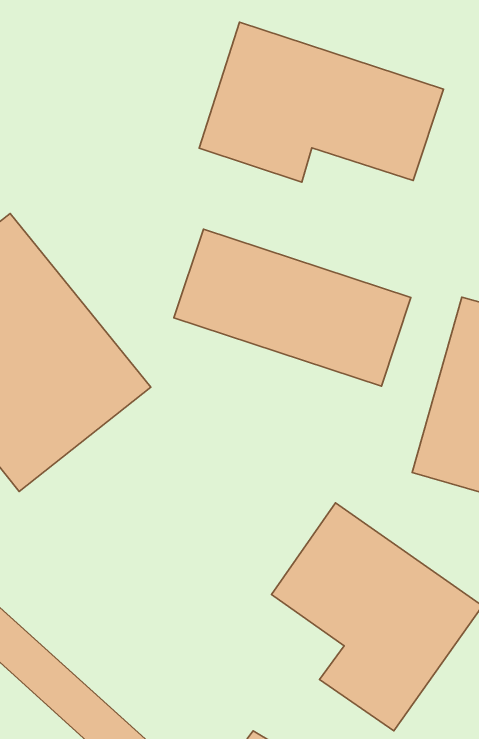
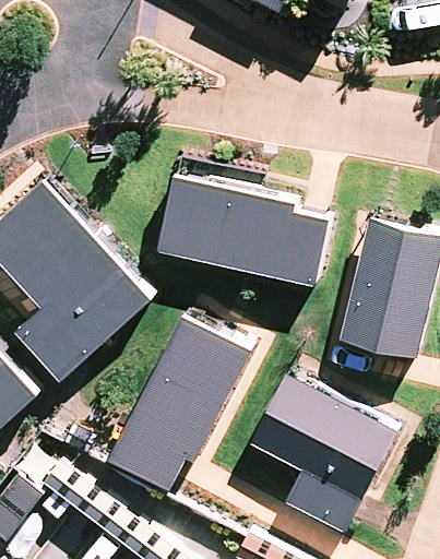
building: [199,22,443,182] -> none
building: none -> [107,313,250,500]

